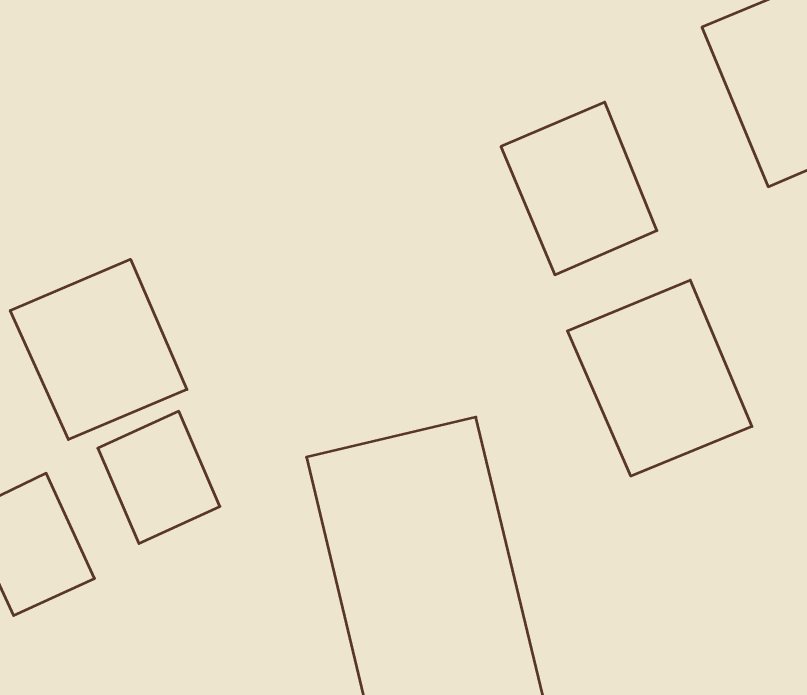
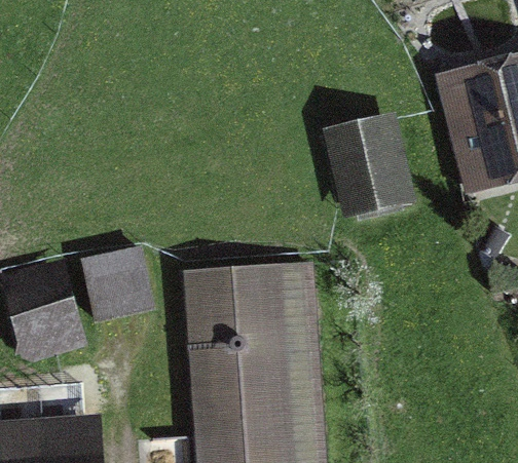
building: [10,259,187,440] -> none
building: [567,280,752,476] -> none

